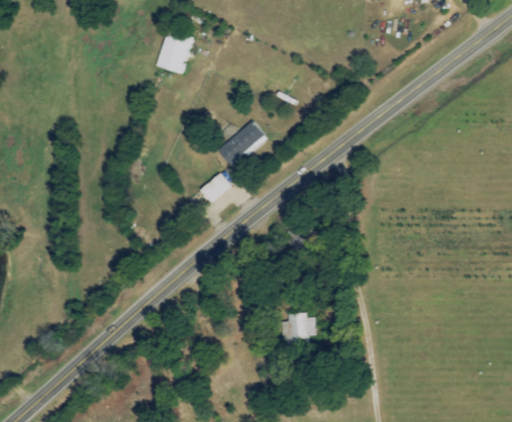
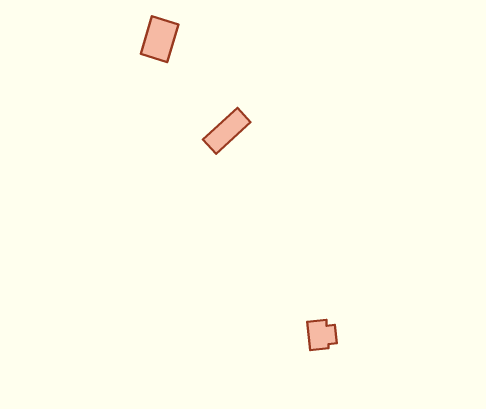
building: [200,173,231,203] -> none
building: [287,312,316,342] -> [307,320,337,350]

